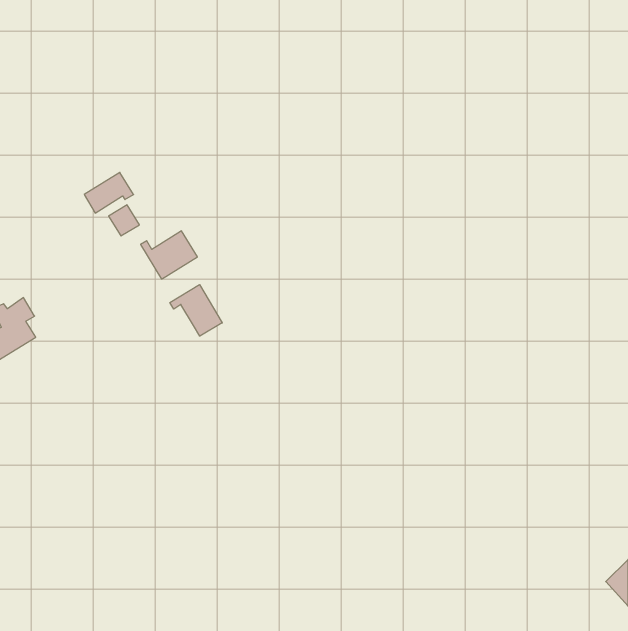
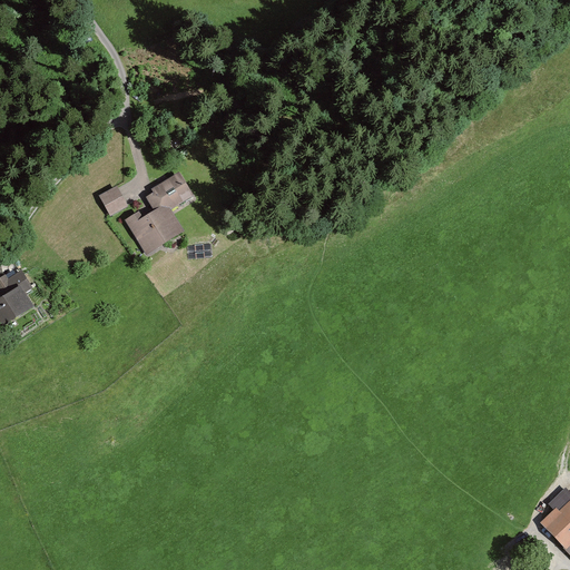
building: [84,172,134,213] -> [145,177,189,214]
building: [170,285,222,336] -> none

